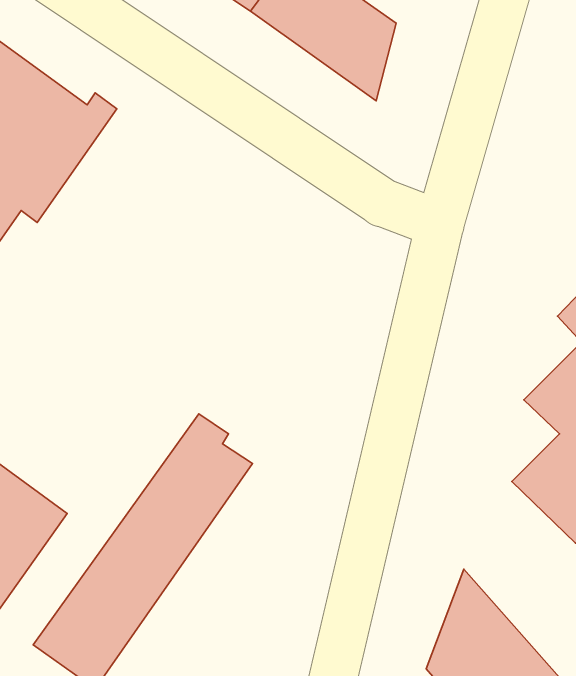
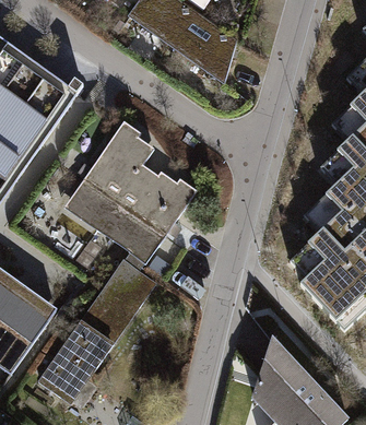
building: none -> [71,125,194,264]

